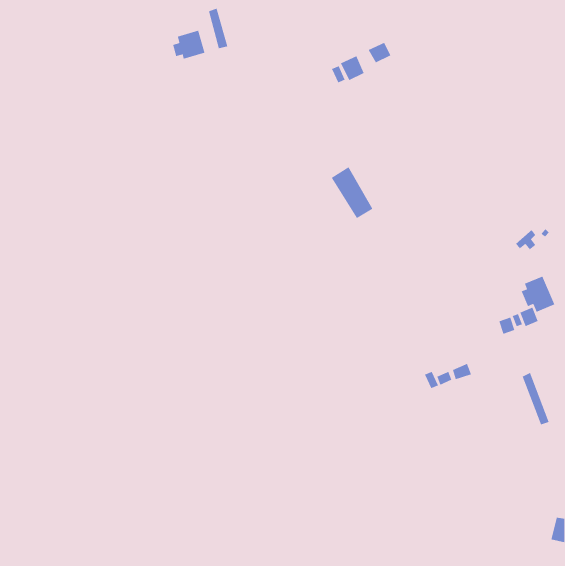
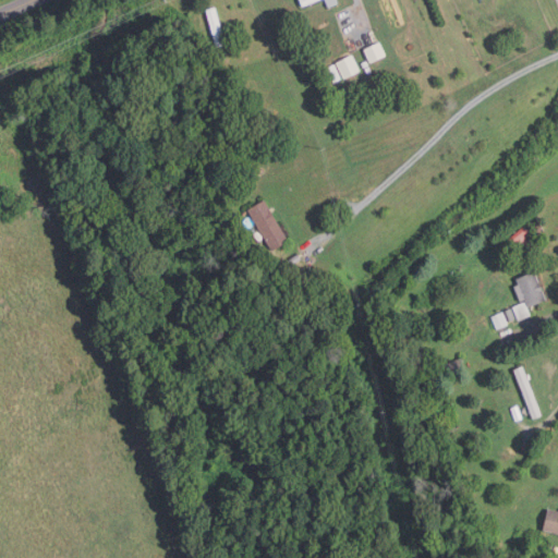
building: [172,30,205,59] -> none
building: [331,167,373,219] -> [246,199,288,251]

